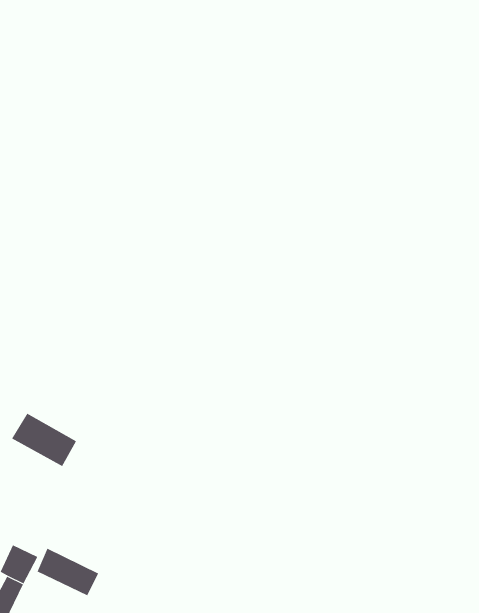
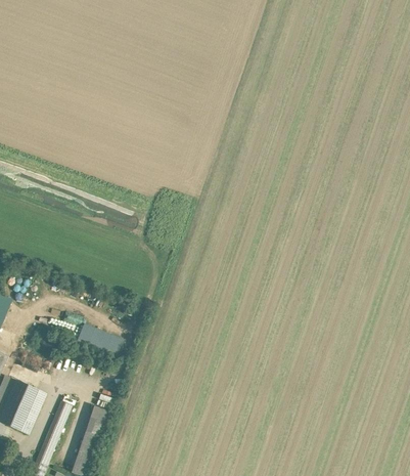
building: [37,548,99,596] -> none

